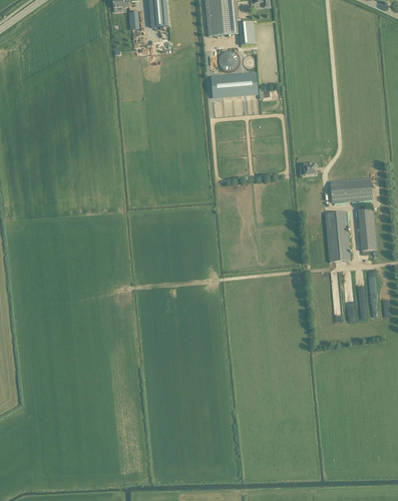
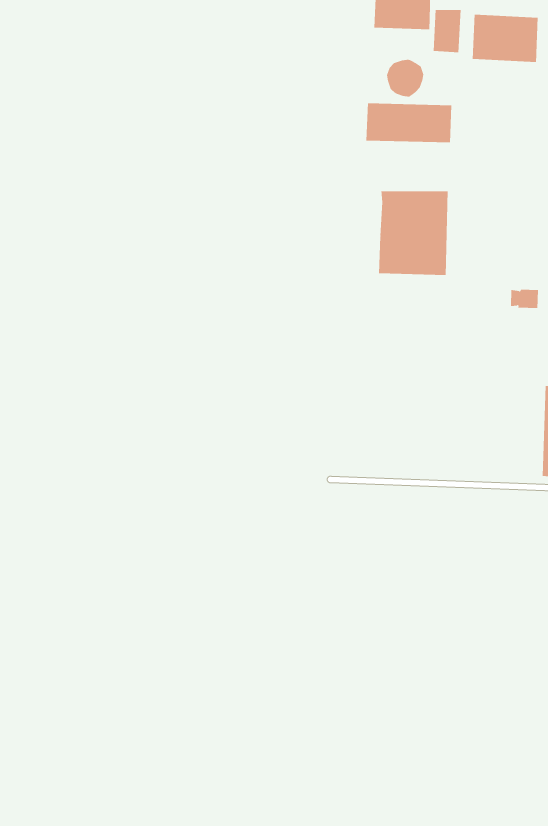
building: none -> [472,14,538,63]
building: none -> [379,190,448,276]

